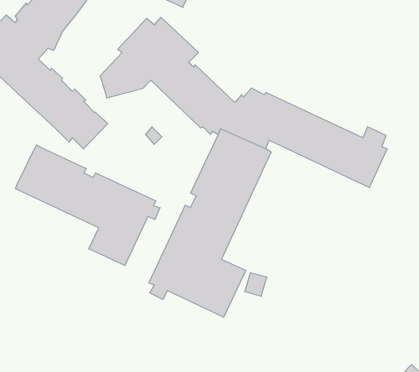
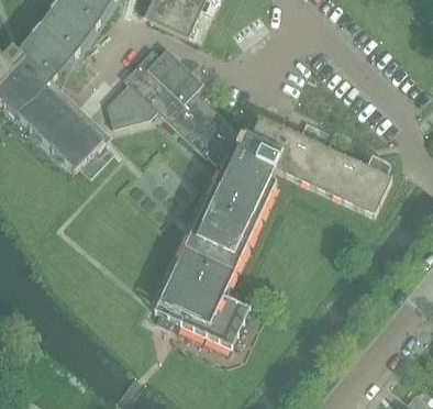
building: [16,145,160,266] -> none

